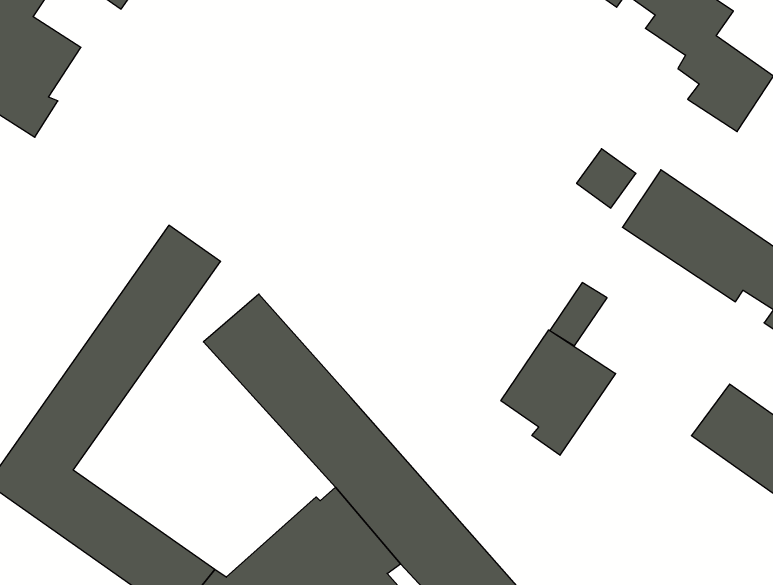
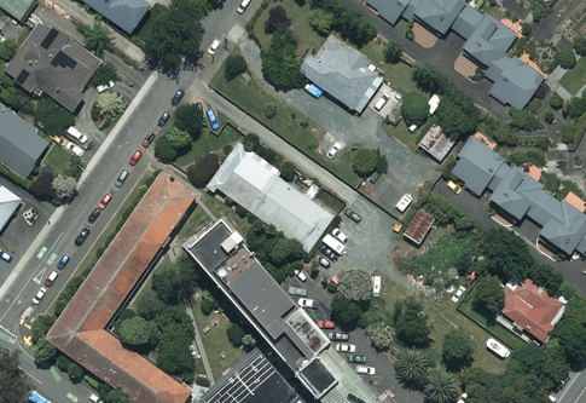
building: none -> [296,34,384,114]
building: none -> [208,140,335,253]
building: [501,330,616,455] -> none

